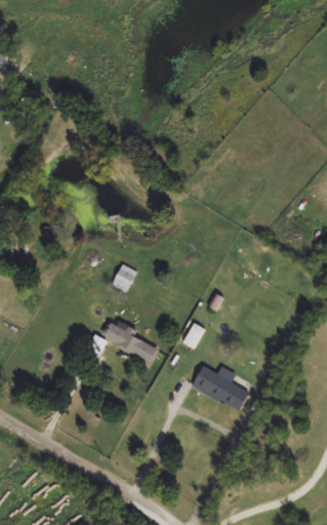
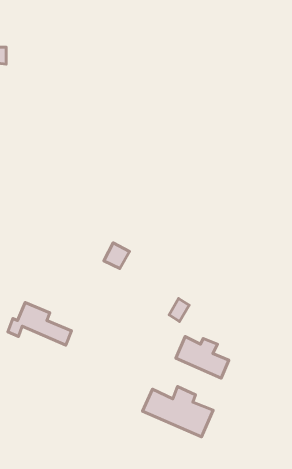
building: [91,318,160,364] -> [8,303,71,345]
building: none -> [142,386,213,437]

